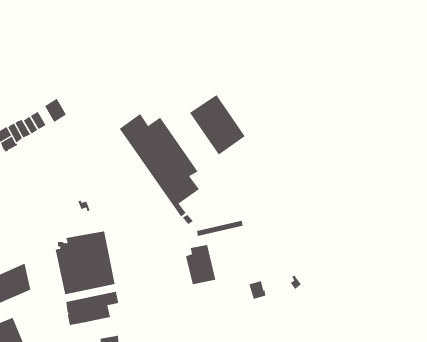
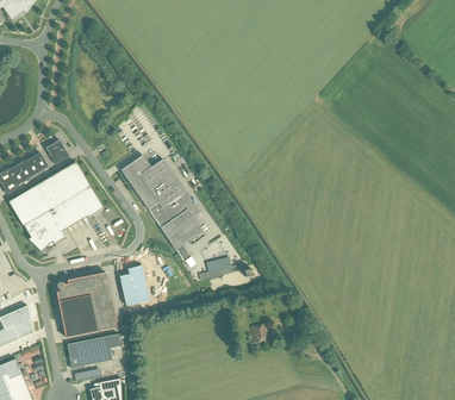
building: [189,94,246,155] -> none
building: none -> [8,162,102,251]
building: [185,244,216,285] -> [118,264,149,305]

